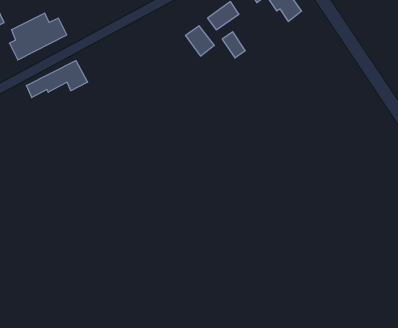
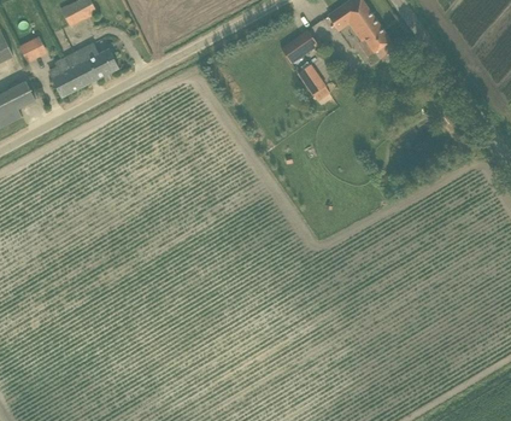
building: [186,26,214,56] -> none
building: [26,61,88,98] -> none

